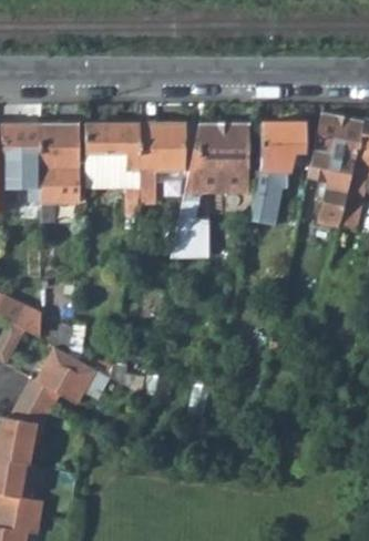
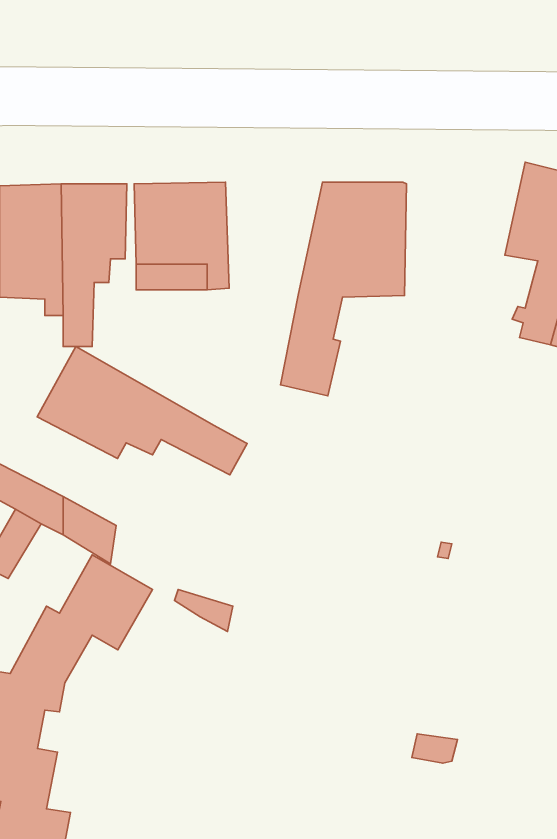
building: [249,122,305,224] -> none
building: [141,123,185,187] -> none
building: none -> [37,347,247,475]

